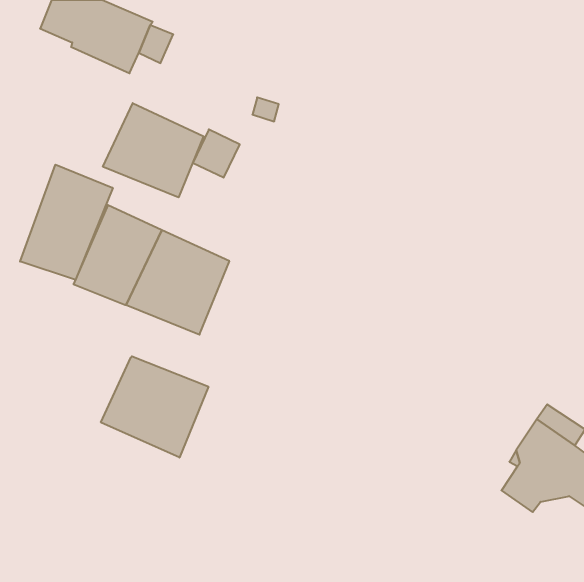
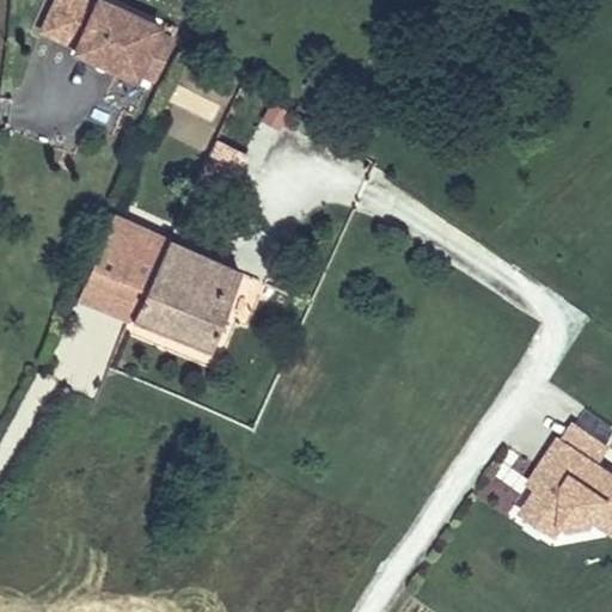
building: [103,103,204,197] -> none
building: [20,165,113,280] -> none
building: [101,356,208,458] -> none

